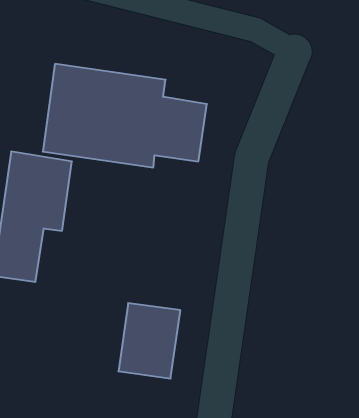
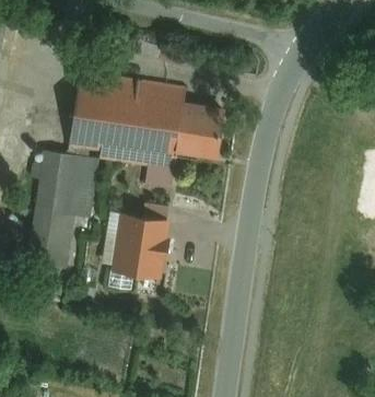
building: [118,303,180,379] -> [113,210,168,278]

